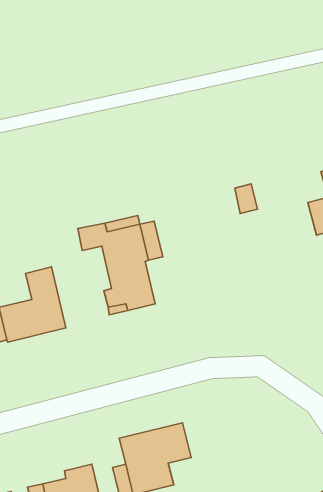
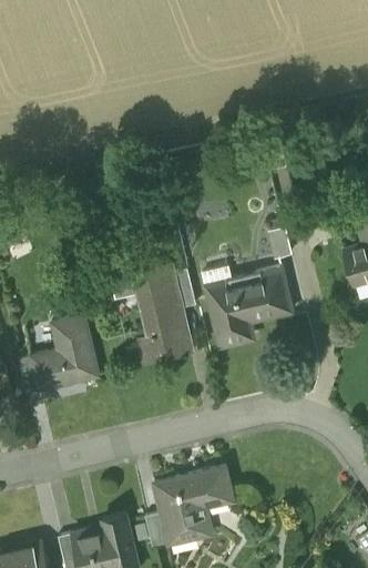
building: none -> [205,270,292,348]

